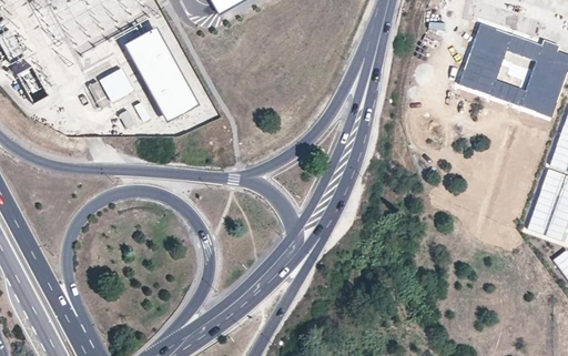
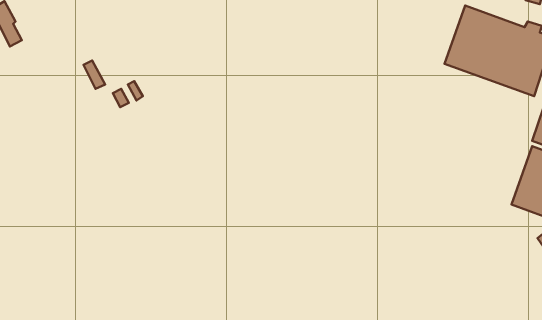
building: [123,24,197,120] -> none
building: [100,67,133,101] -> none

